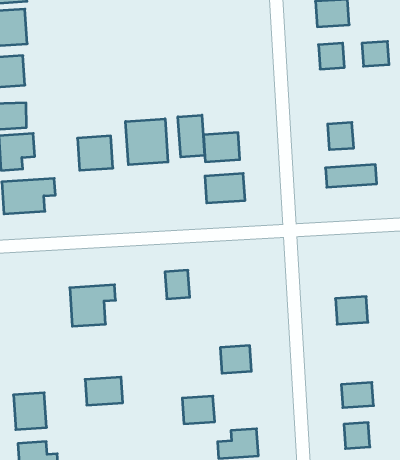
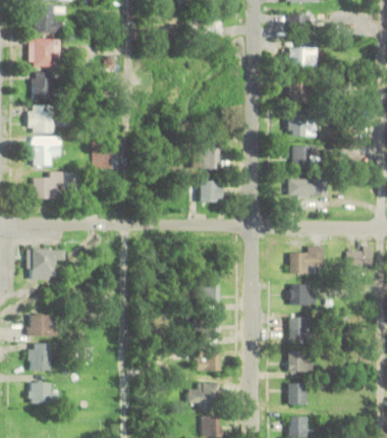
building: [362,41,389,66] -> [288,118,309,136]
building: [178,115,205,157] -> none
building: [126,119,168,165] -> none
building: none -> [289,247,324,274]
building: [165,270,190,299] -> [200,283,218,305]
building: [70,285,116,326] -> [29,249,64,279]
building: none -> [289,317,314,337]
building: [85,377,123,405] -> [30,316,58,336]
building: [182,396,215,424] -> [196,350,220,371]

